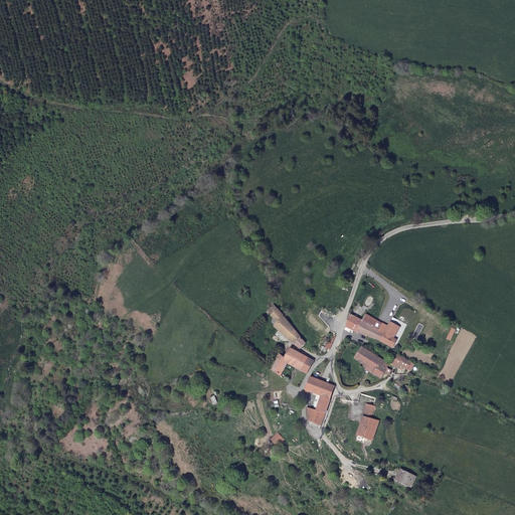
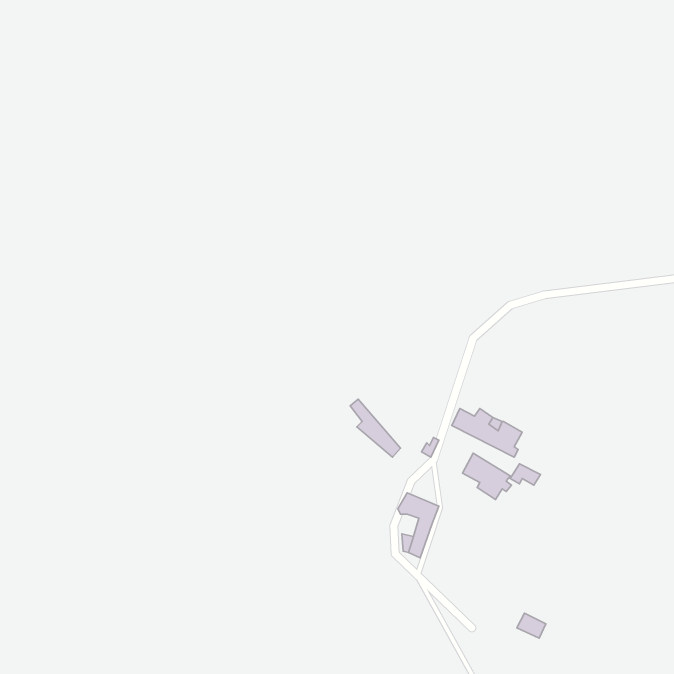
building: [270,346,313,374] -> none
building: [356,403,377,440] -> none

